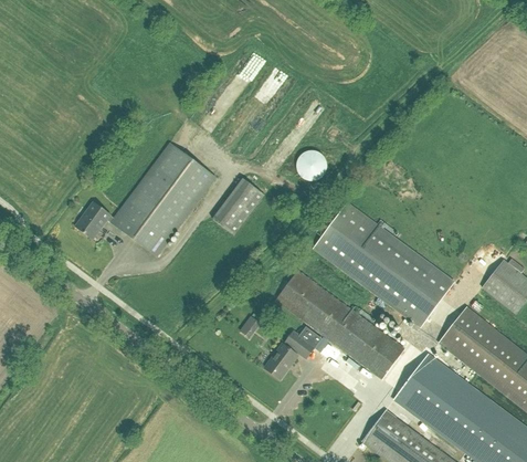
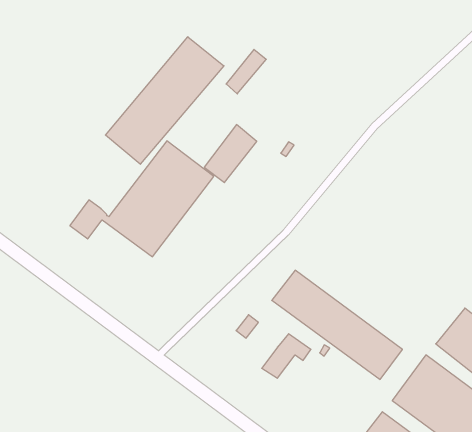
building: none -> [105,37,224,164]
building: [296,149,327,180] -> none
building: [212,176,264,233] -> [204,125,257,183]
building: [315,202,455,326] -> none

